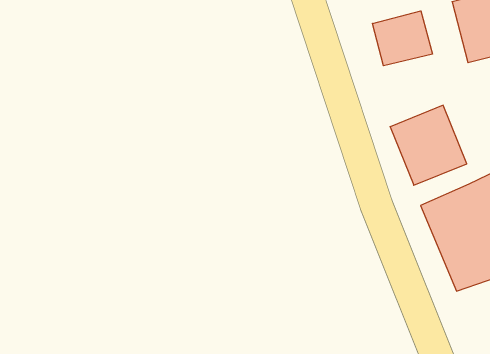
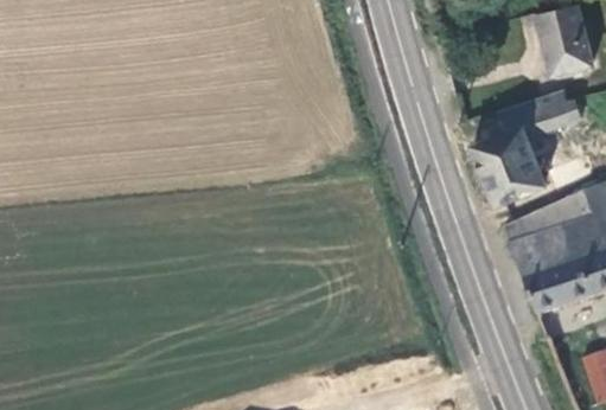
building: [372,11,432,66] -> none
building: none -> [522,91,569,134]

